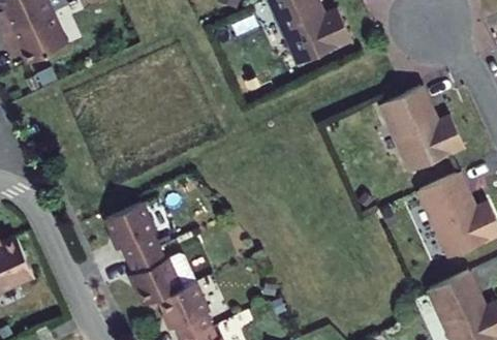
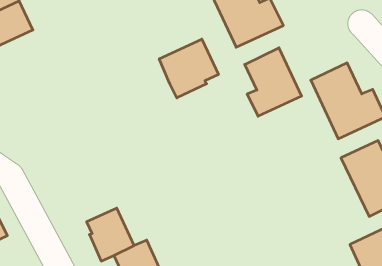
building: none -> [159,39,218,98]
building: none -> [245,48,302,116]
building: [105,204,162,262] -> none

